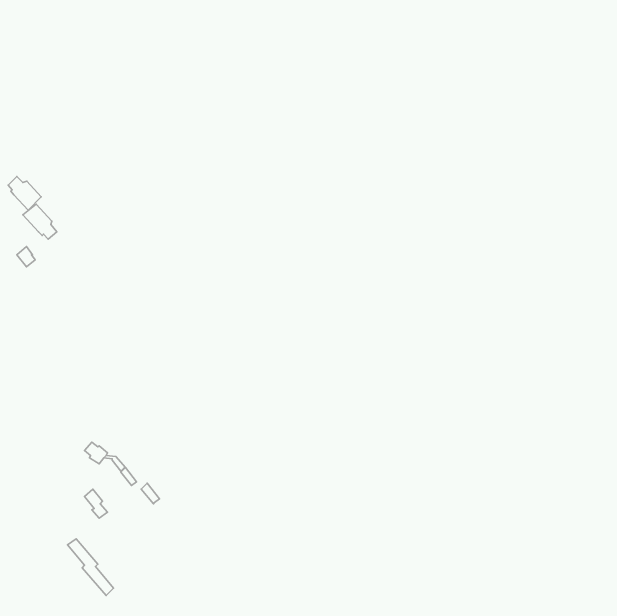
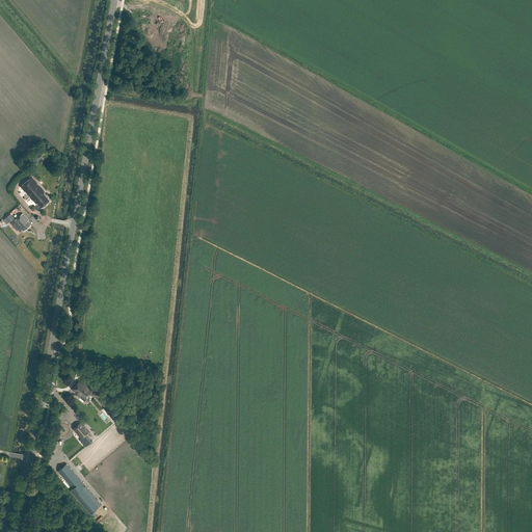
building: [8,177,41,210] -> none

